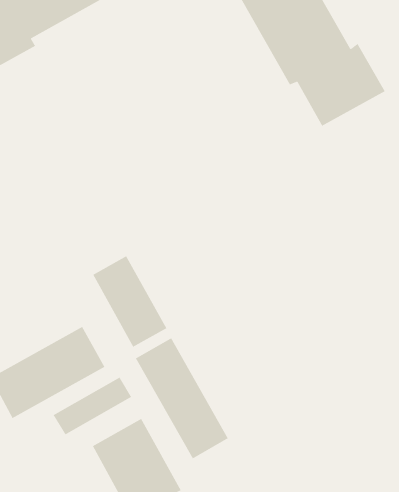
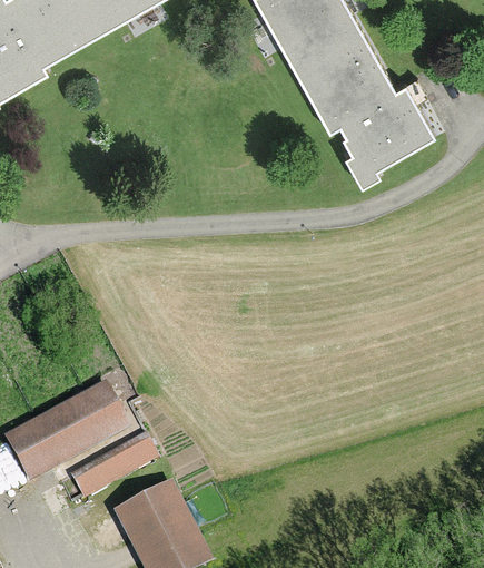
building: [92,255,167,348] -> none
building: [135,337,229,459] -> none

